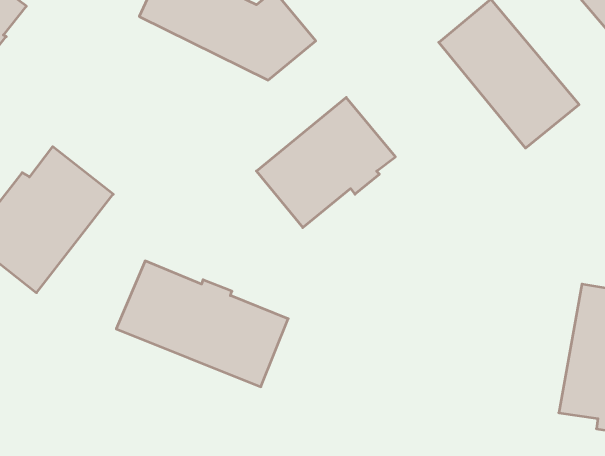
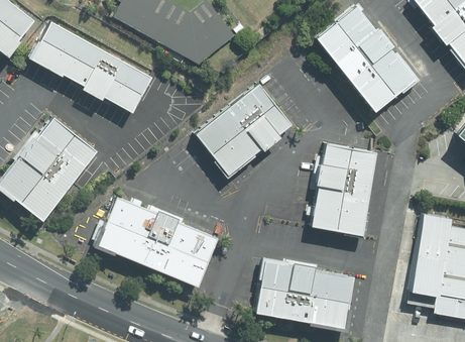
building: none -> [28,21,152,111]
building: none -> [312,144,376,233]
building: none -> [258,260,354,327]

